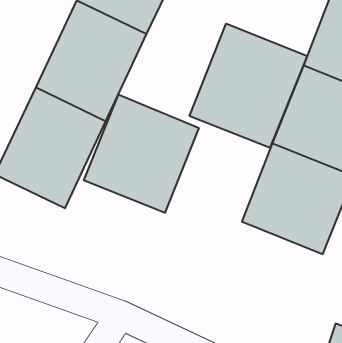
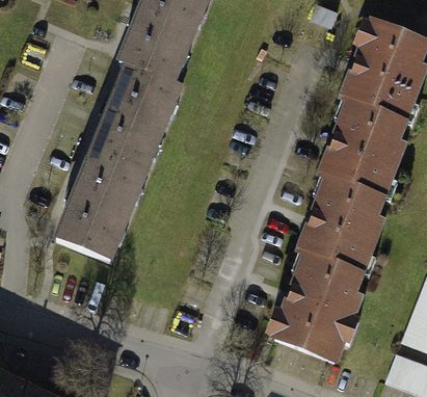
building: [190,24,307,148] -> none
building: [84,95,199,213] -> none
building: none -> [267,260,371,362]

